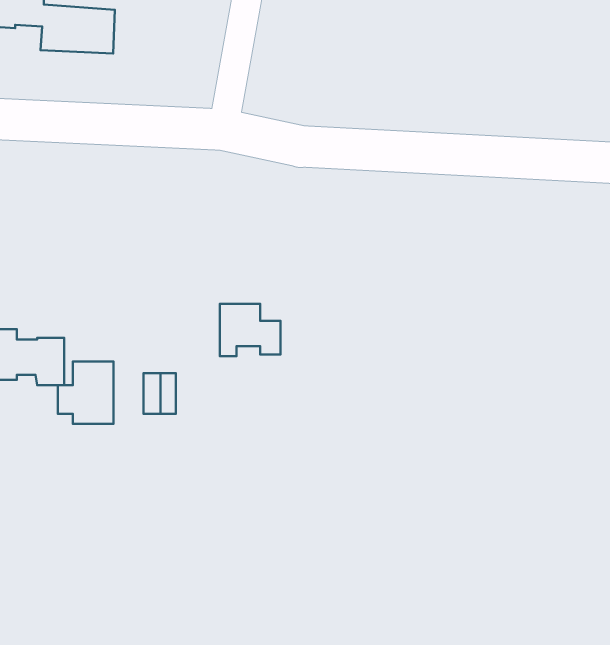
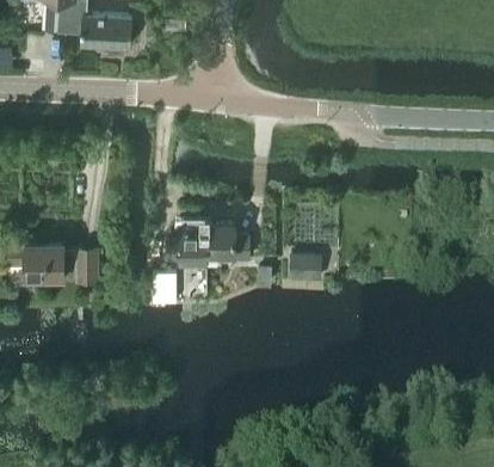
building: none -> [288,254,319,281]
building: [58,361,113,424] -> [166,225,205,269]

